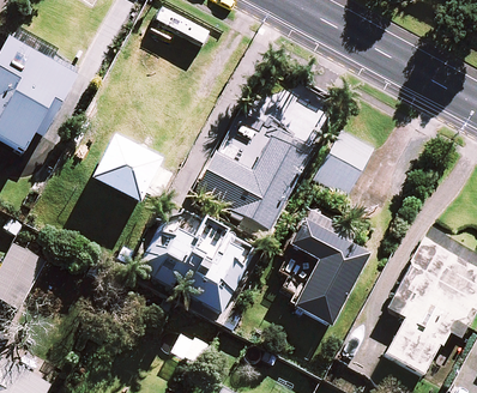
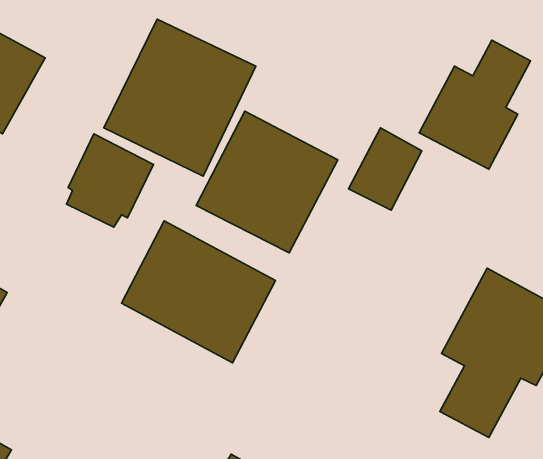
building: none -> [104,19,256,176]
building: none -> [419,40,531,169]
building: [277,207,370,324] -> none

